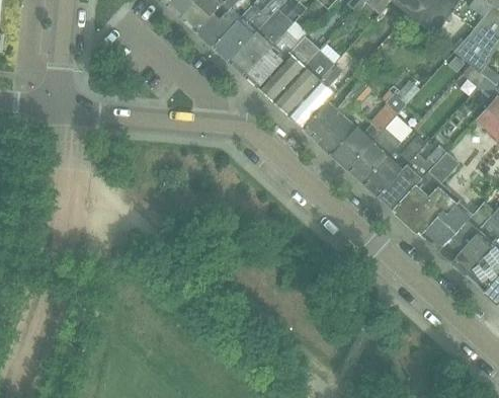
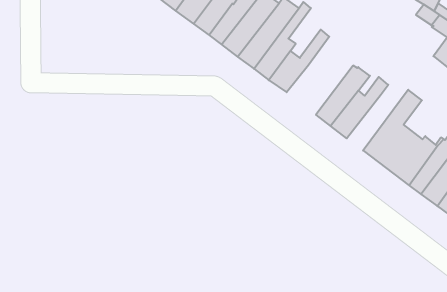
building: [320,79,419,168] -> none
building: [378,144,446,210] -> none

